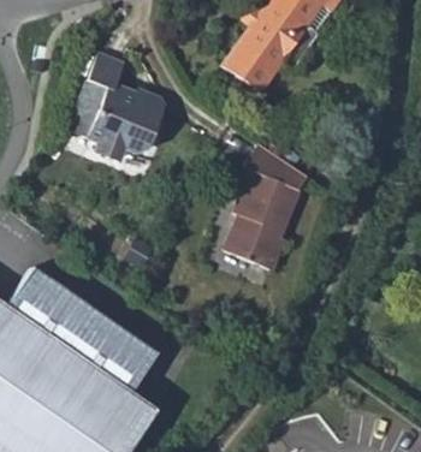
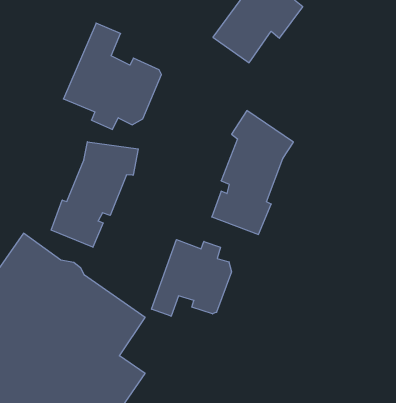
building: none -> [51,142,138,247]
building: none -> [152,240,231,316]

